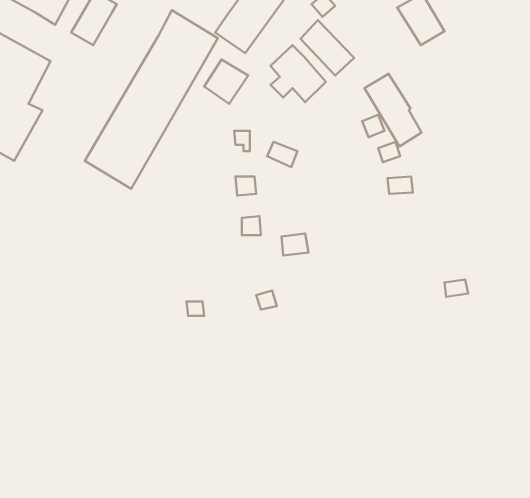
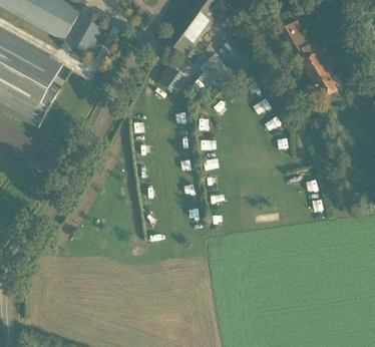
building: [85,10,218,189] -> none
building: [365,74,422,147] -> [301,52,337,98]

